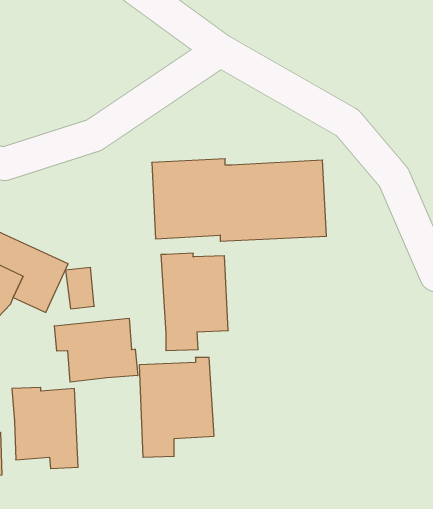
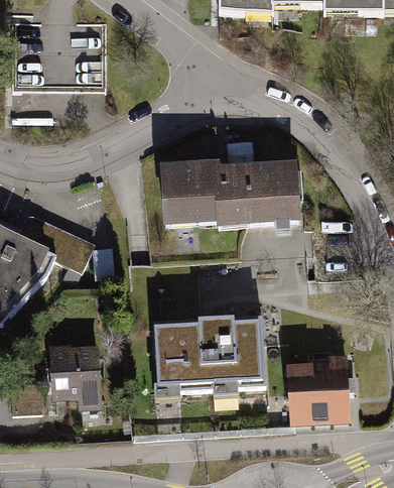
building: [161,253,228,351] -> [208,319,262,397]
building: [54,318,138,382] -> none
building: none -> [290,355,352,425]

